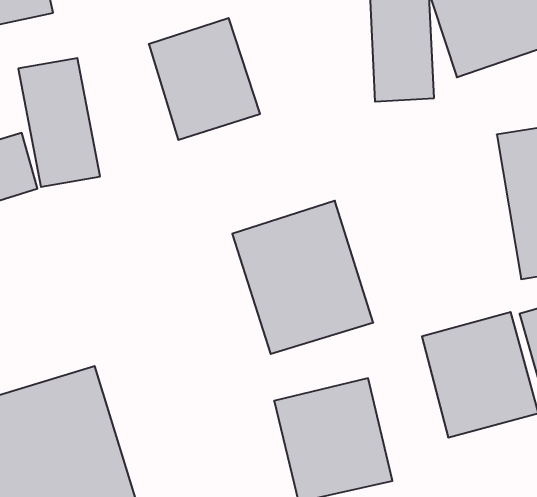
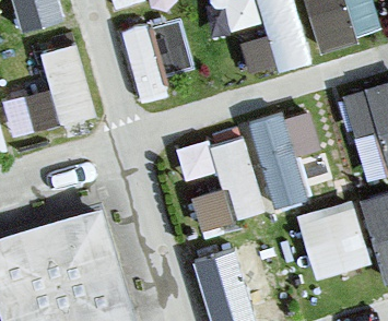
building: none -> [252,109,319,206]

